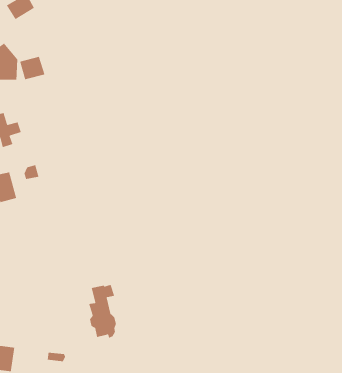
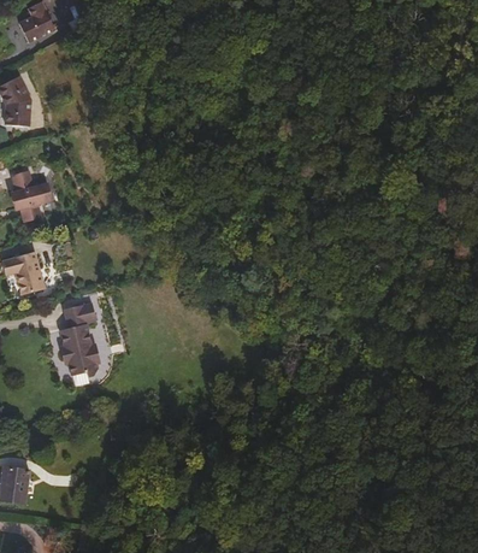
building: [19,56,46,80] -> none
building: [88,284,117,339] -> [52,295,89,366]

